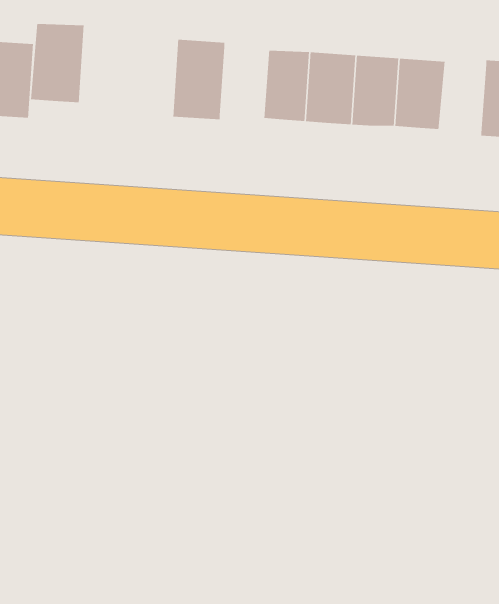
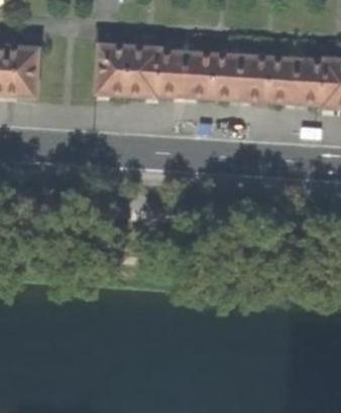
building: [30,23,84,103] -> [95,44,129,95]
building: none -> [156,50,187,96]
building: none -> [295,59,324,105]

